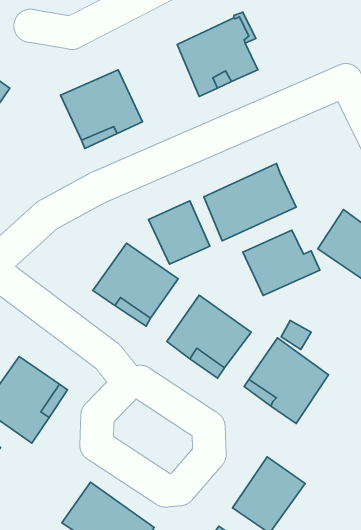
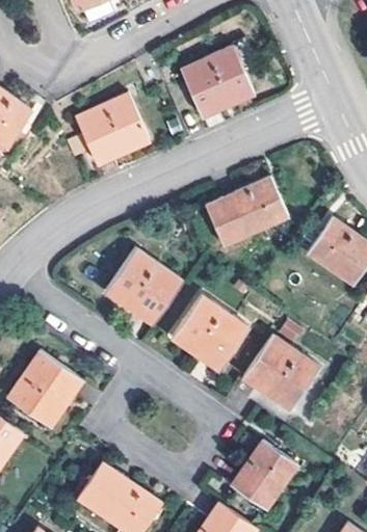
building: [148,201,210,264] -> none
building: [243,230,320,295] -> none

